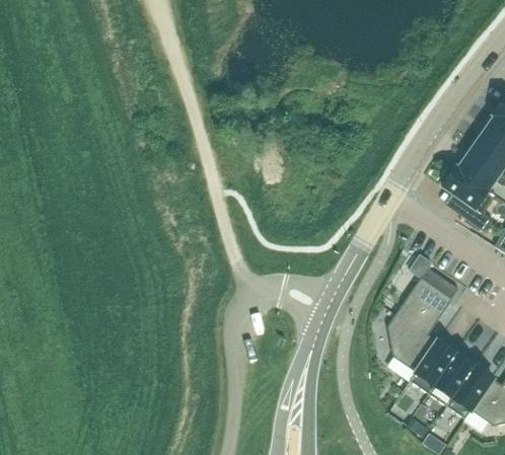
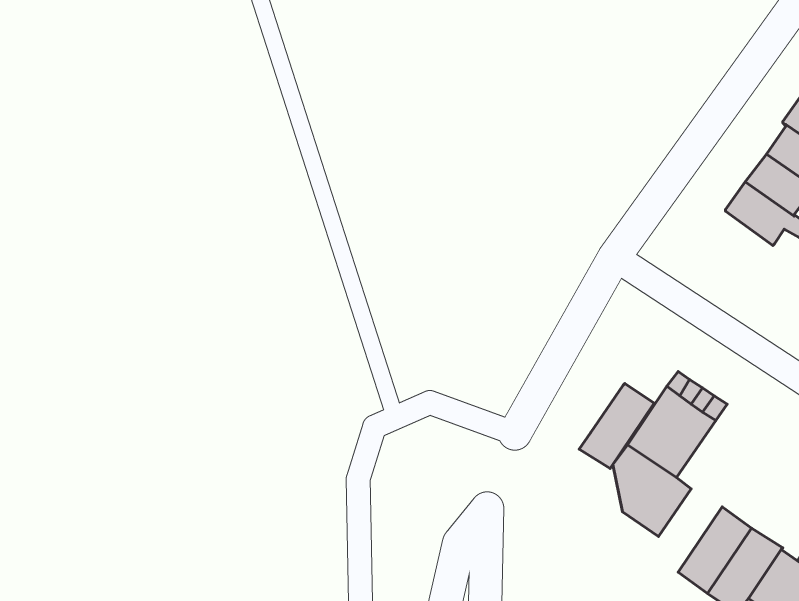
building: [443,166,497,231] -> none
building: [410,339,456,392] -> [579,384,654,469]

